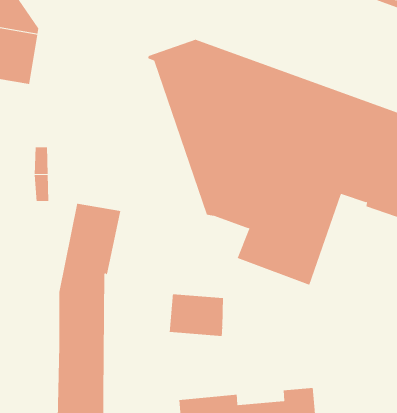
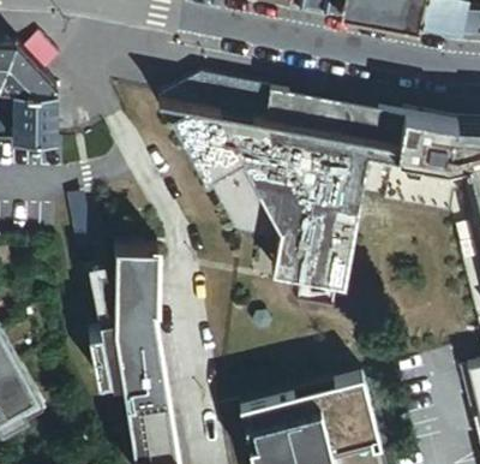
building: none -> [89,329,122,382]
building: [169,294,224,337] -> none

